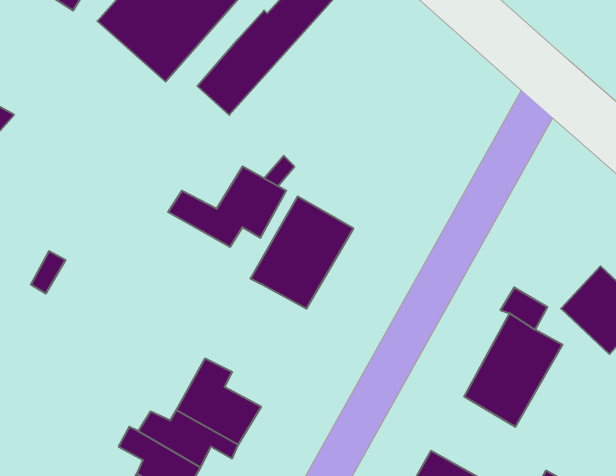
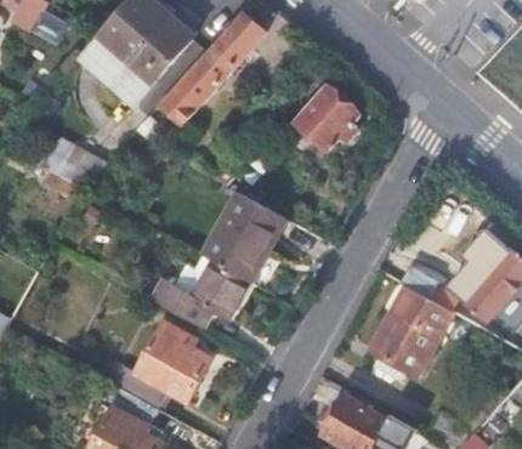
building: none -> [299,89,358,149]
building: none -> [35,140,104,189]
building: [168,167,286,247] -> [152,262,246,326]

